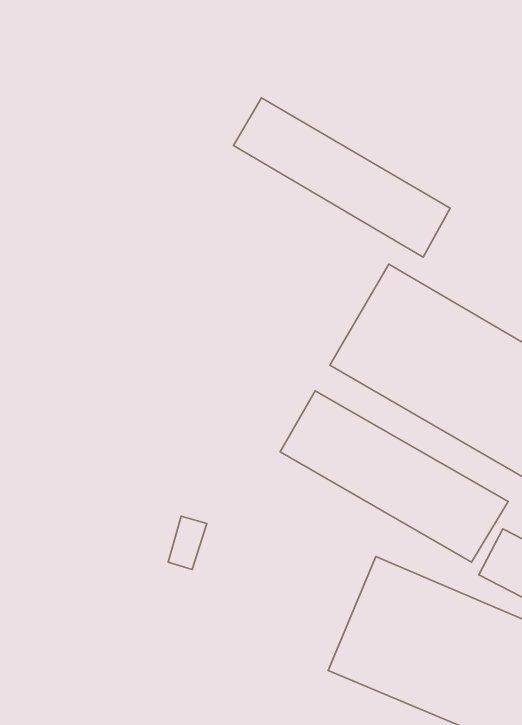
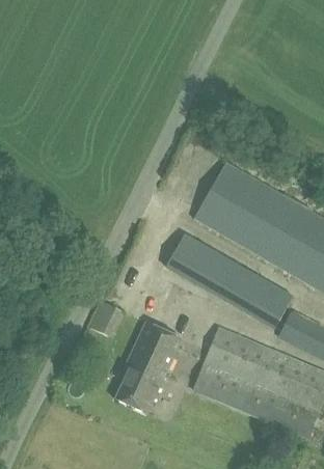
building: [233,98,450,257] -> none
building: none -> [115,322,182,413]

